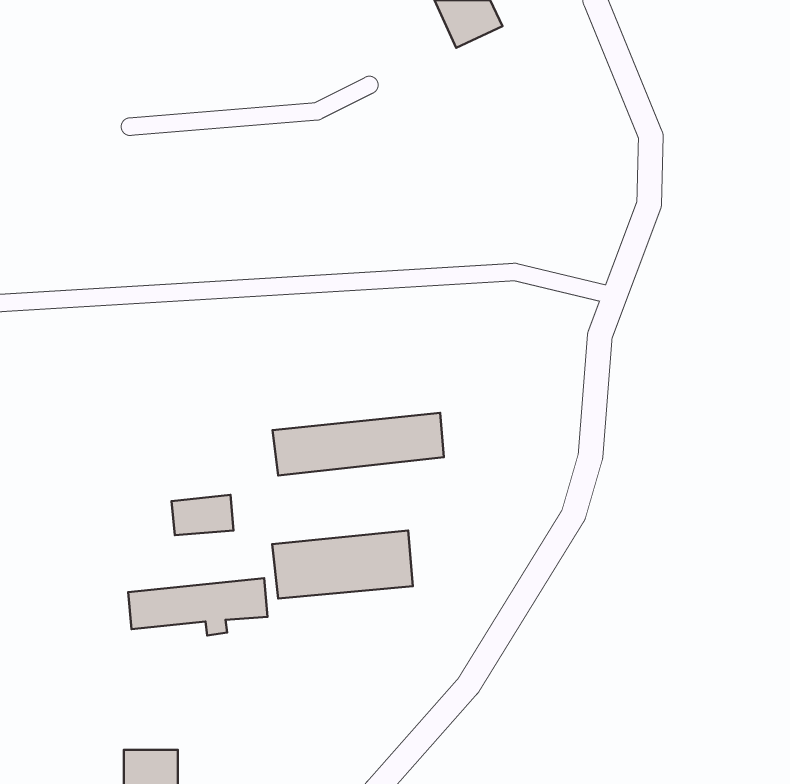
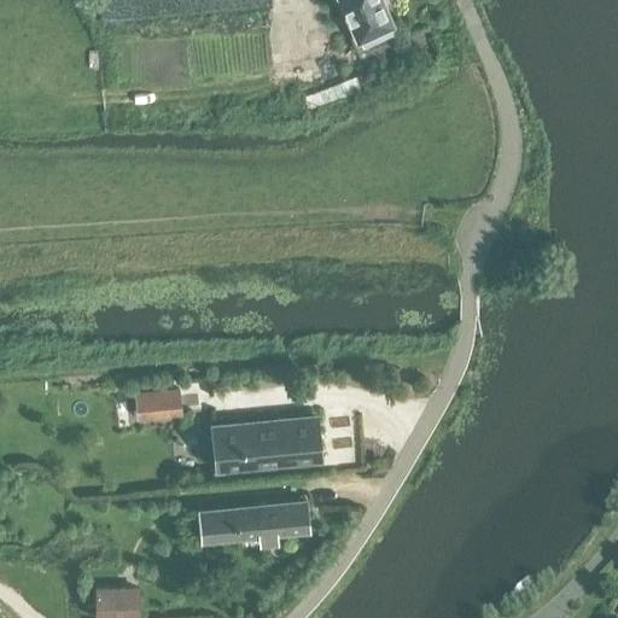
building: [272,413,444,475] -> none
building: [128,578,267,635] -> [200,502,309,547]

